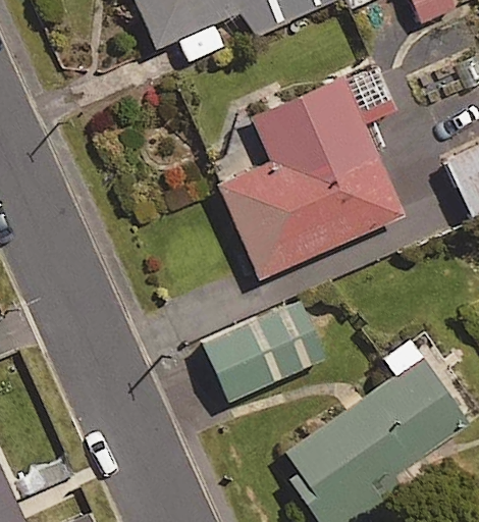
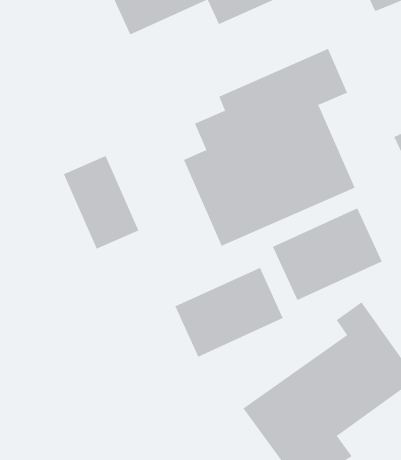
building: none -> [63,155,139,250]
building: none -> [272,207,382,301]

